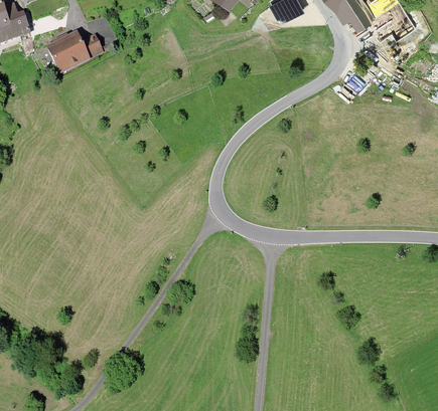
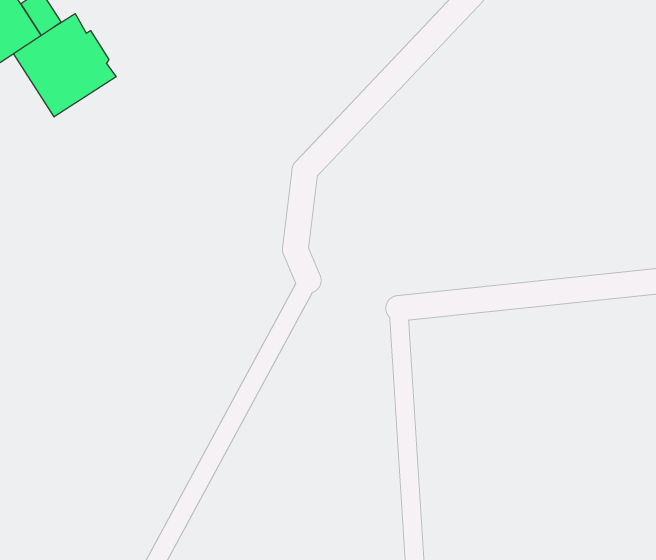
building: none -> [13,14,116,117]

